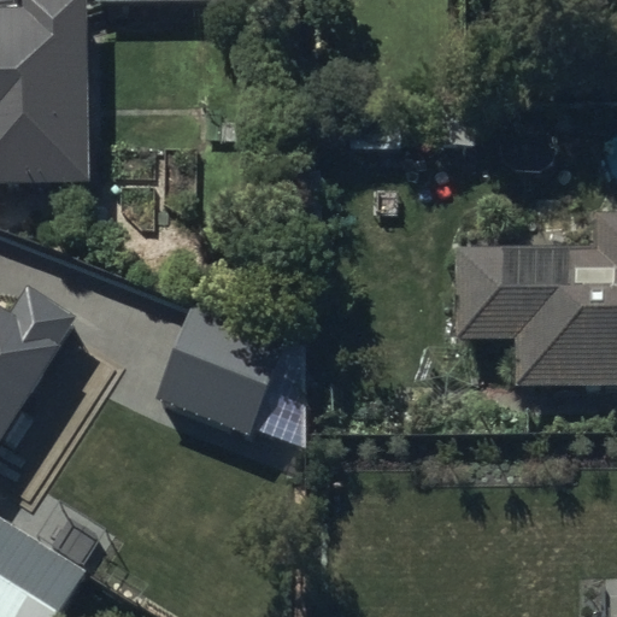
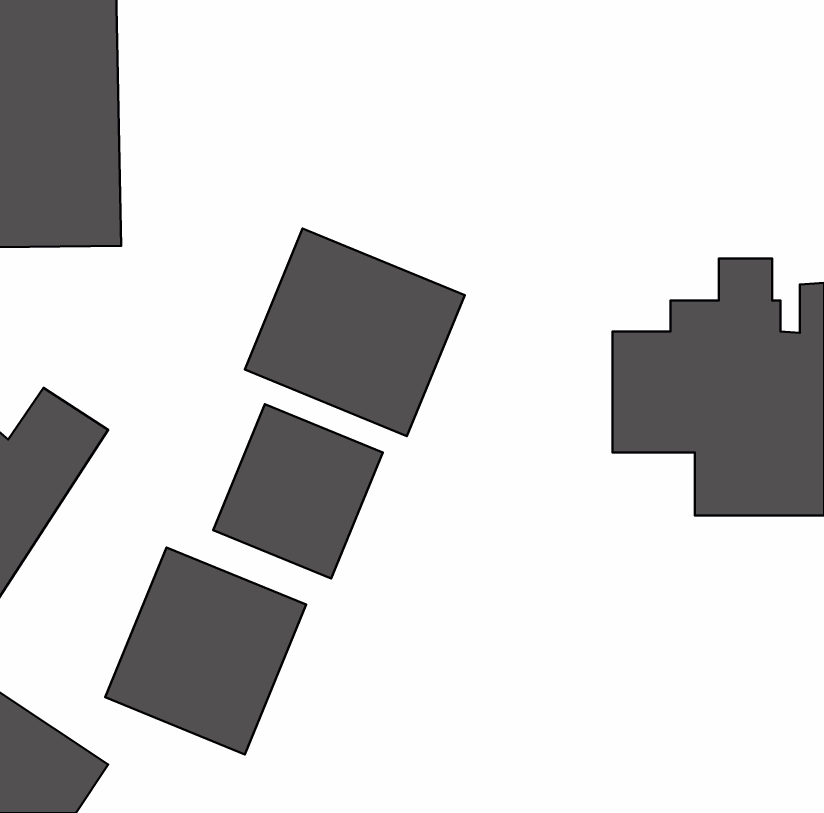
building: none -> [245,228,465,436]
building: none -> [105,547,306,754]

